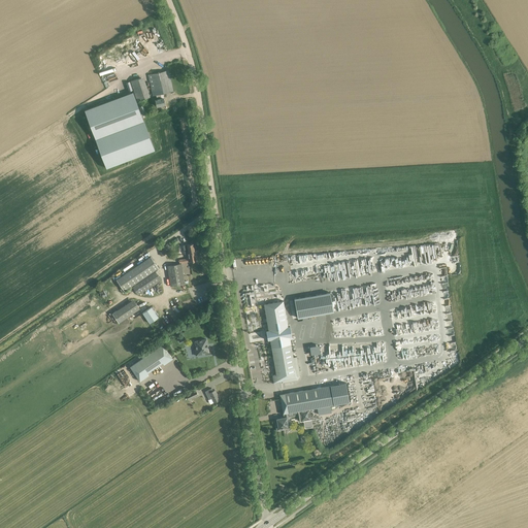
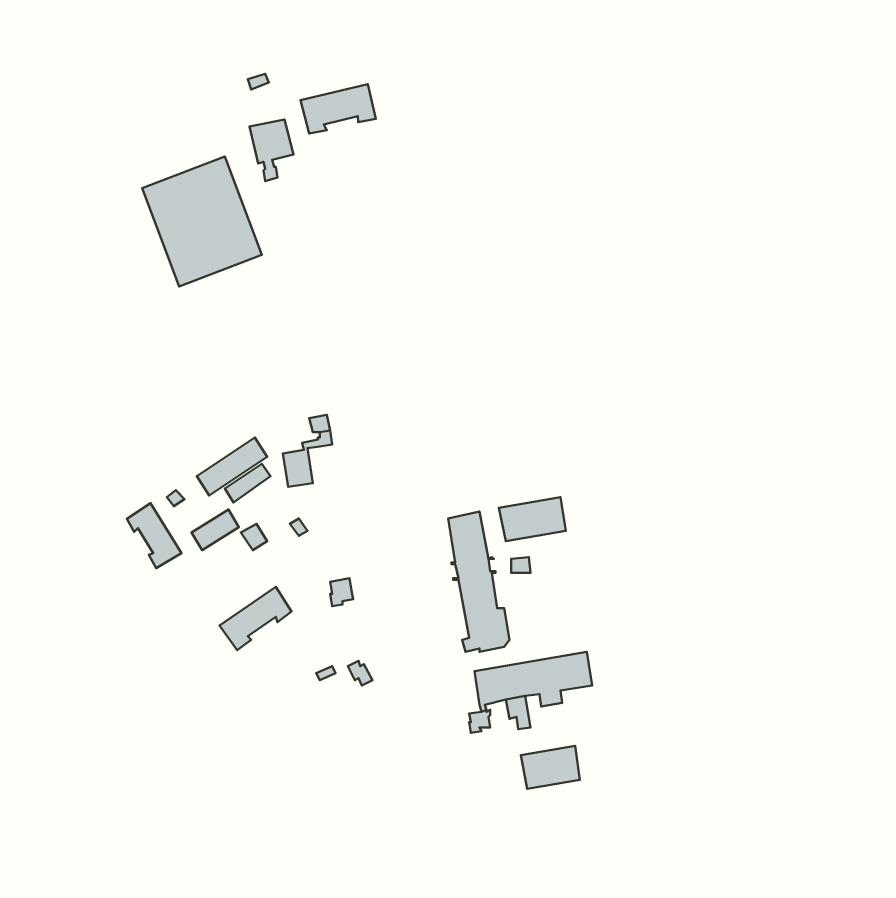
building: none -> [300,84,376,133]
building: none -> [127,503,181,568]
building: none -> [521,746,580,789]

